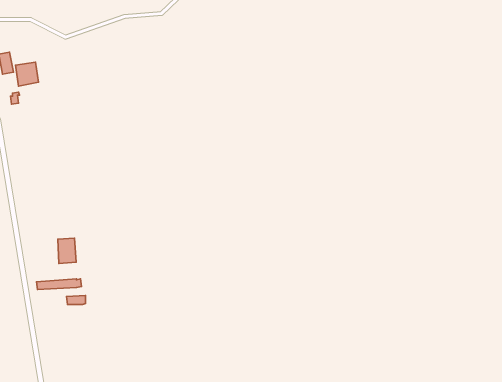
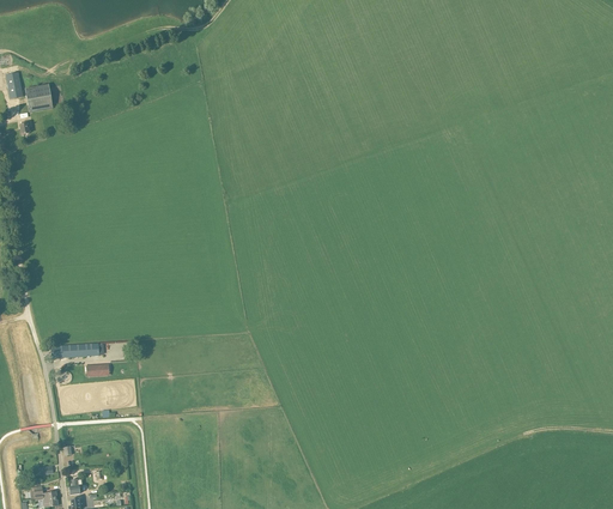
building: [58,238,76,264] -> none

